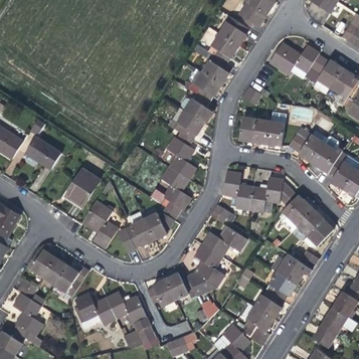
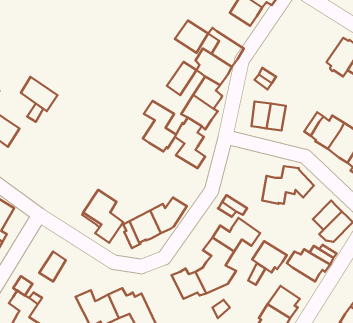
building: [206,34,237,64] -> [175,20,208,53]
building: [268,42,324,80] -> none
building: none -> [167,62,196,95]
building: [266,115,285,146] -> none
building: [25,137,59,169] -> [21,77,58,111]
building: [159,167,190,214] -> [143,101,176,152]
building: [221,170,252,209] -> none
building: [66,171,99,206] -> none
building: [281,195,313,230] -> none
building: [25,249,53,277] -> none
building: [53,264,87,296] -> none
building: [265,272,298,301] -> [252,241,287,273]
building: [146,279,175,307] -> none

